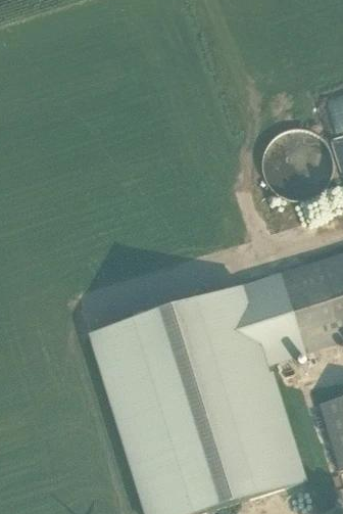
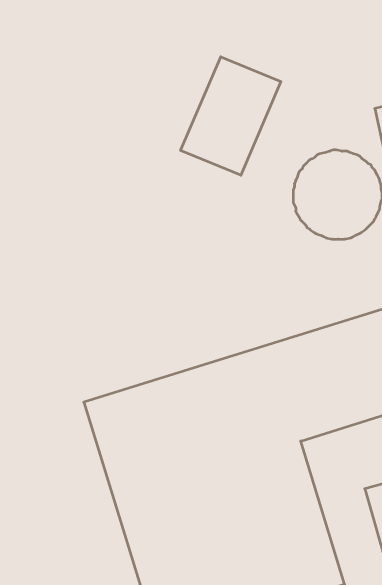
building: none -> [181,57,281,175]

